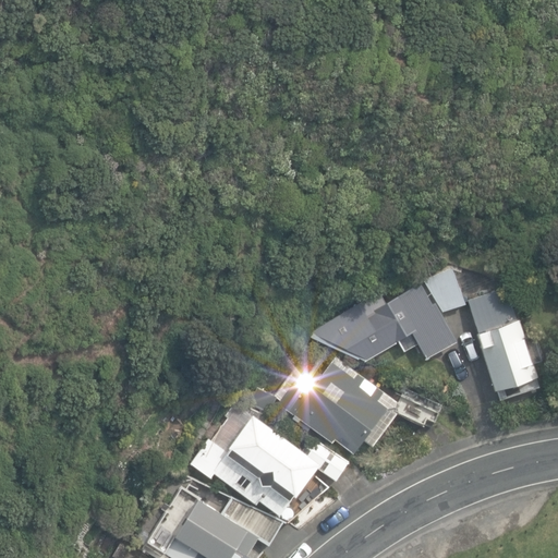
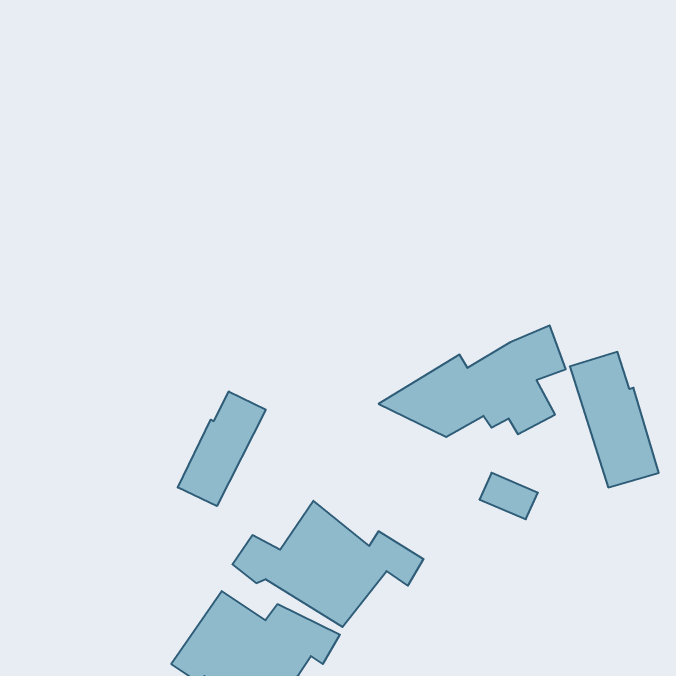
building: none -> [178,391,266,506]
building: [247,357,387,454] -> none

